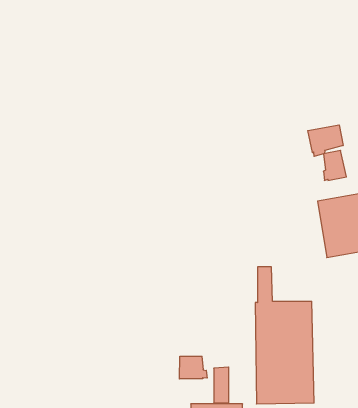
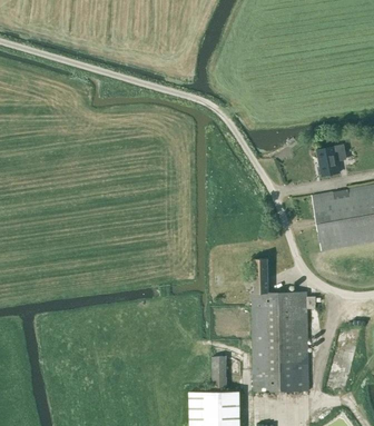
building: [308,125,343,156] -> none
building: [179,356,207,379] -> none

